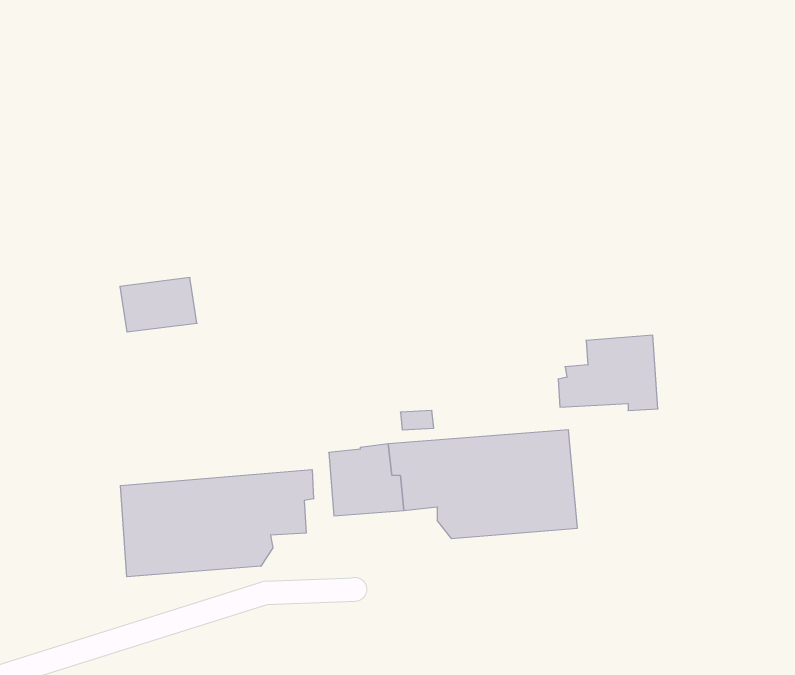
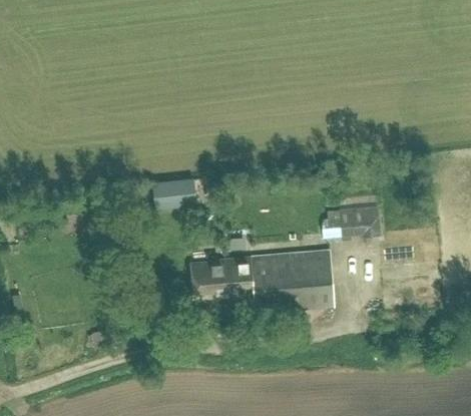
building: [120,278,197,332] -> [152,178,196,210]
building: [120,470,313,577] -> none

